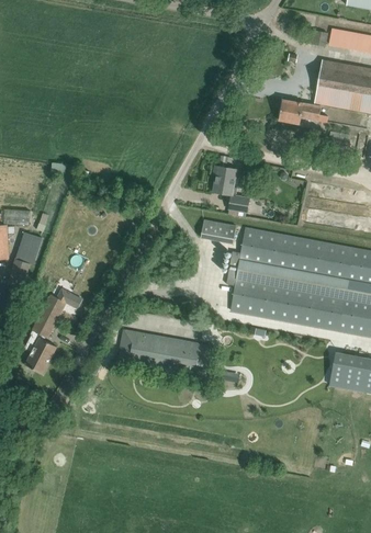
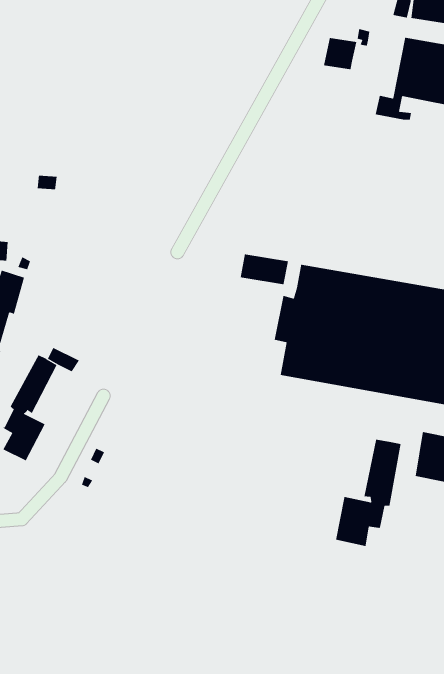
building: [279,100,304,124] -> [323,37,357,70]
building: [213,167,250,213] -> none
building: [119,331,211,377] -> none
building: none -> [335,439,401,547]

